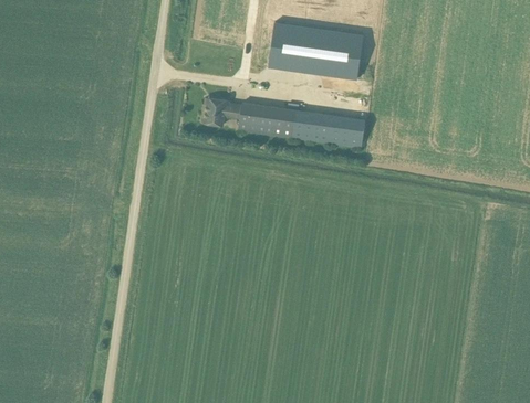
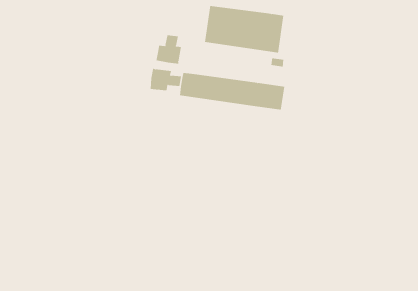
building: none -> [156,35,181,64]

